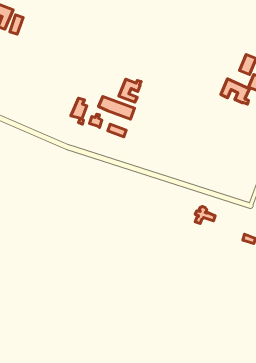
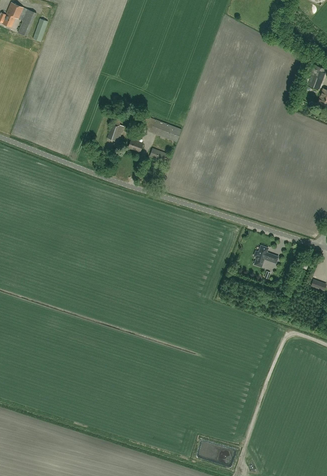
building: [221,79,249,104] -> none
building: [119,79,141,102] -> none

